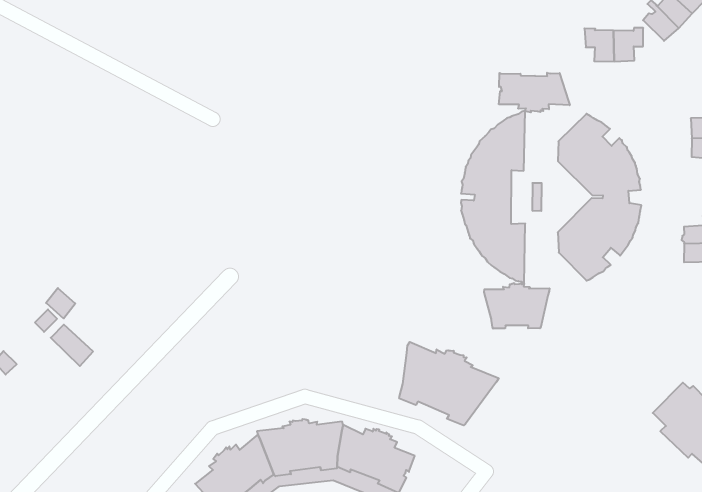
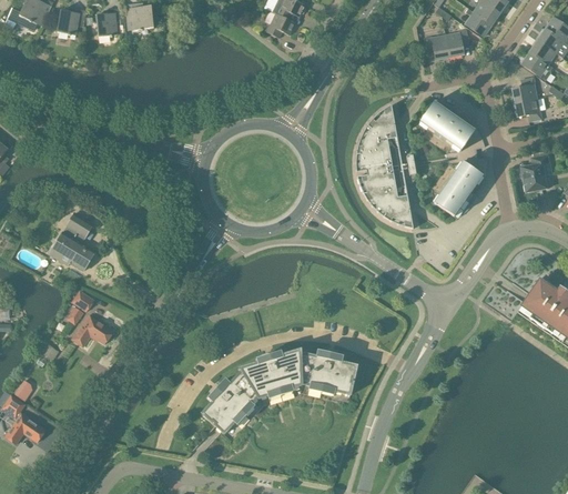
building: [499,73,570,112] -> none
building: none -> [49,212,95,270]
building: [484,283,549,329] -> none
building: [399,342,499,425] -> none

